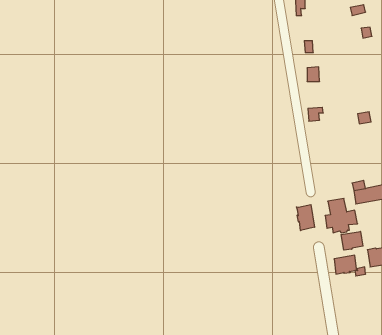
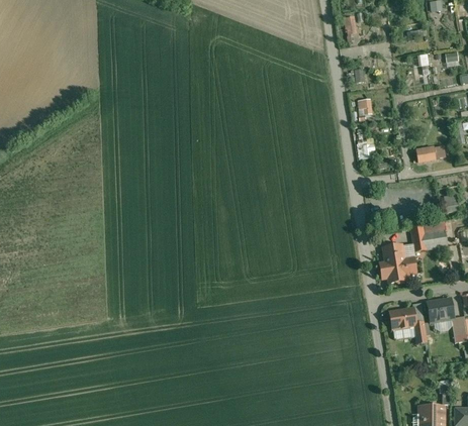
building: [296,205,315,231] -> none
building: [341,231,363,250] -> none

